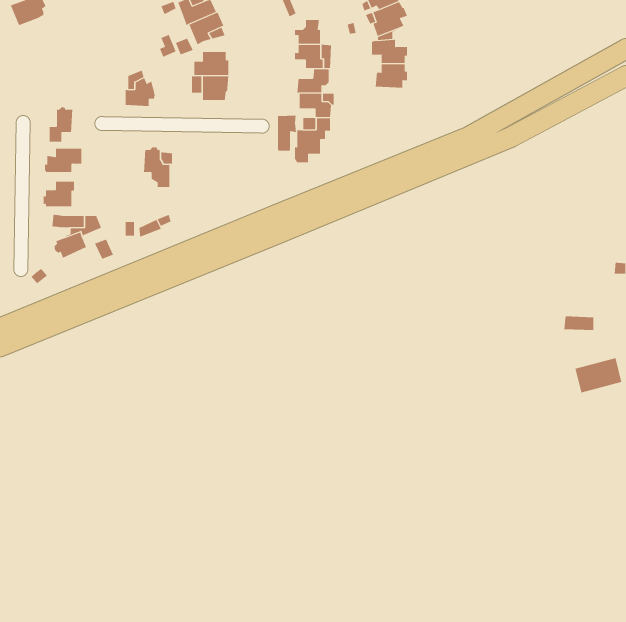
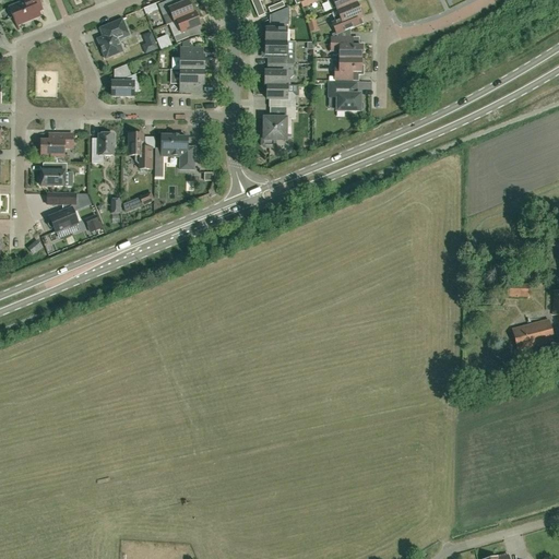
building: none -> [97,17,129,57]
building: none -> [329,81,364,109]
building: [49,107,73,142] -> [92,130,114,162]
building: [278,115,296,151] -> none
building: none -> [160,131,195,168]

